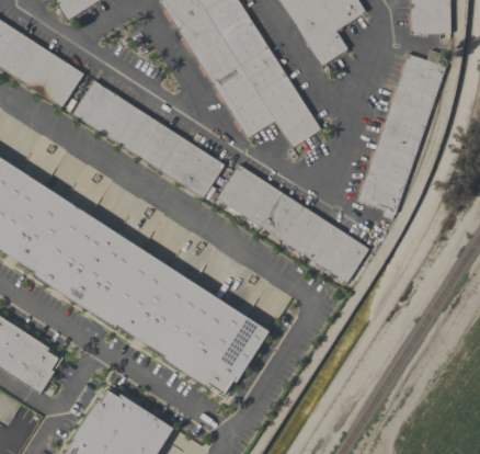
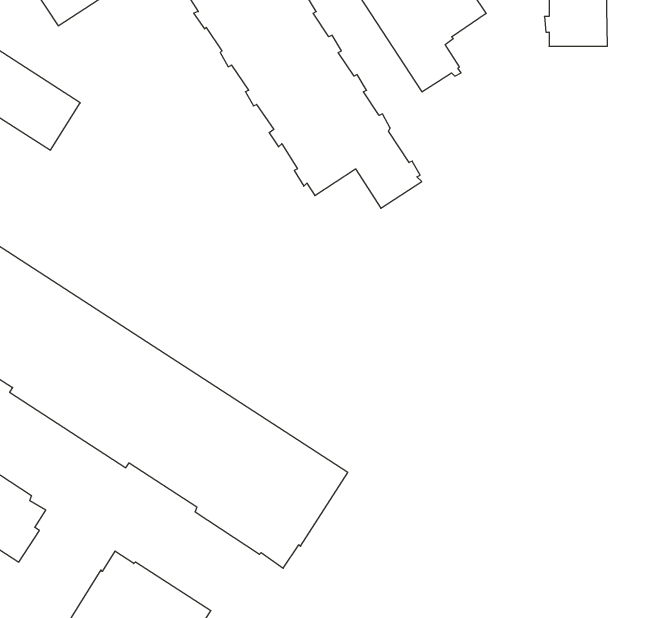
building: [357,49,446,219] -> none
building: [72,80,225,198] -> none
building: [217,163,369,282] -> none

